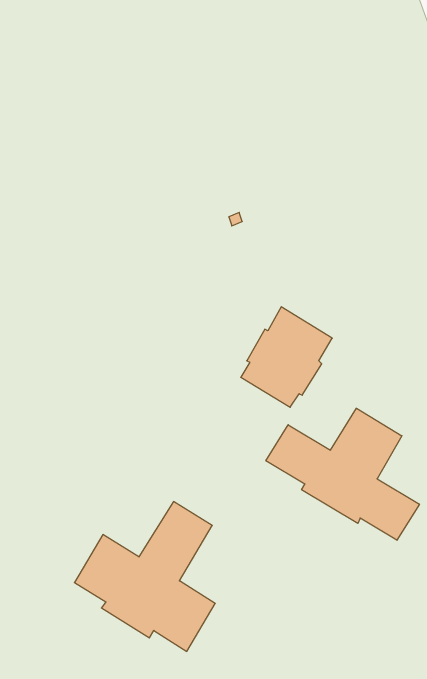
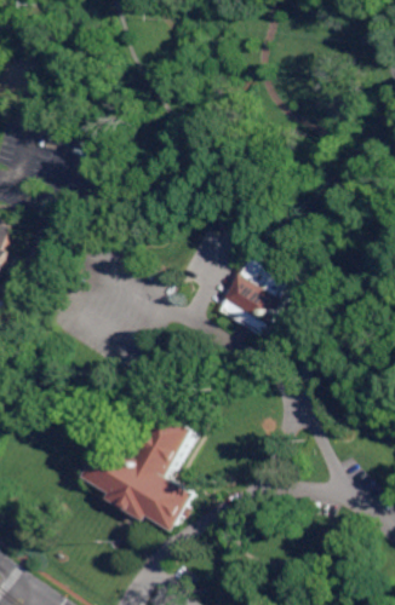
building: [266,408,419,540] -> none

